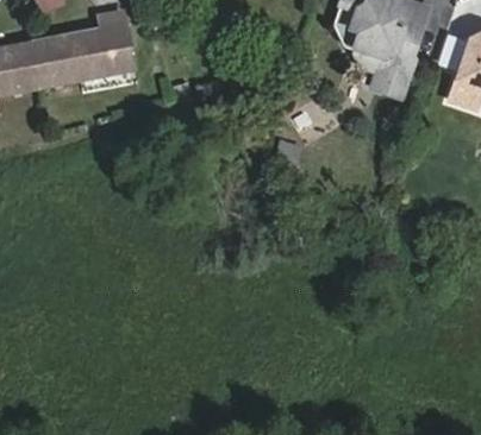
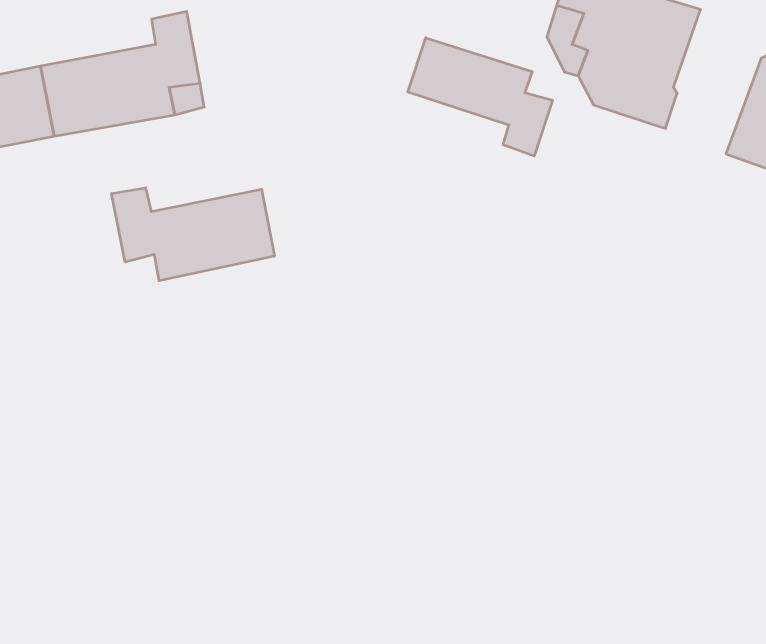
building: none -> [408,38,552,156]
building: none -> [112,188,274,281]

